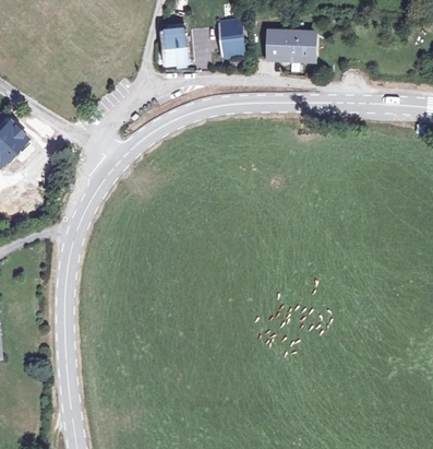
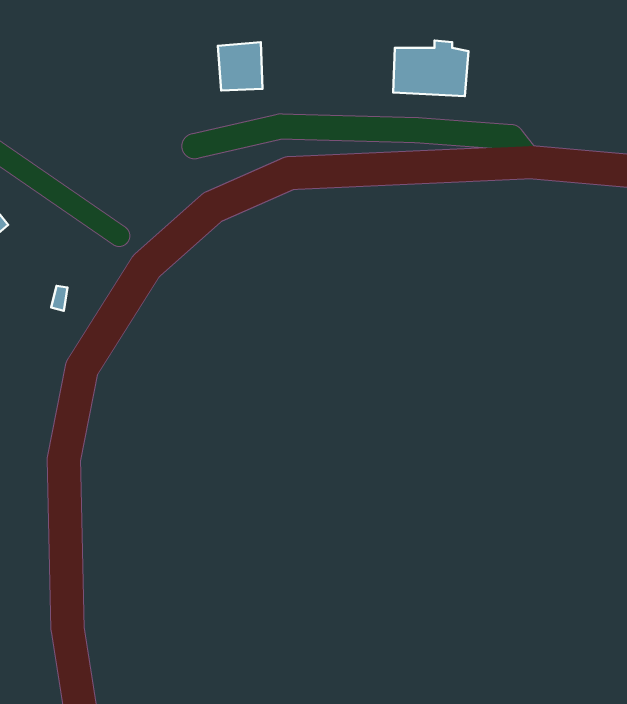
building: [222,25,244,57] -> none

